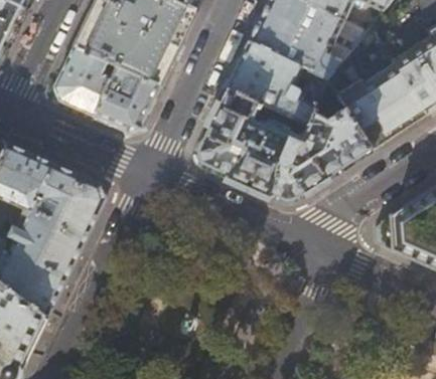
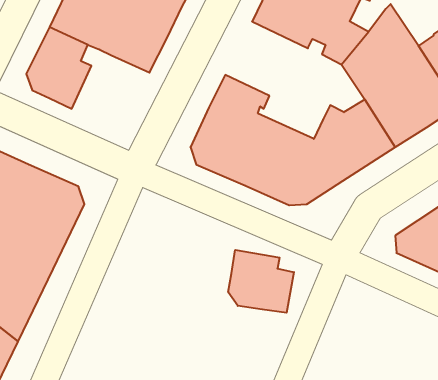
building: [225,38,320,123] -> none
building: [92,67,159,129] -> none
building: none -> [228,250,294,313]

